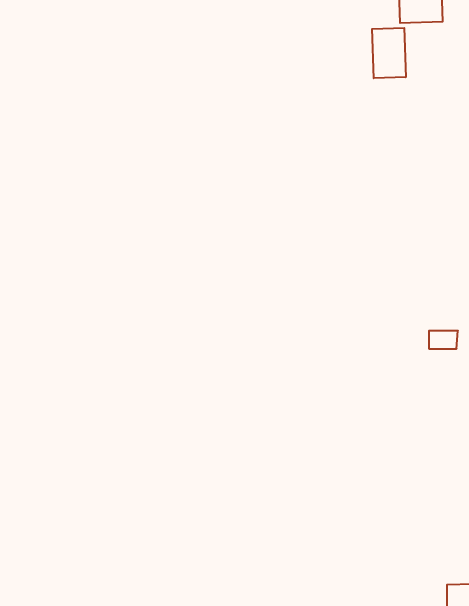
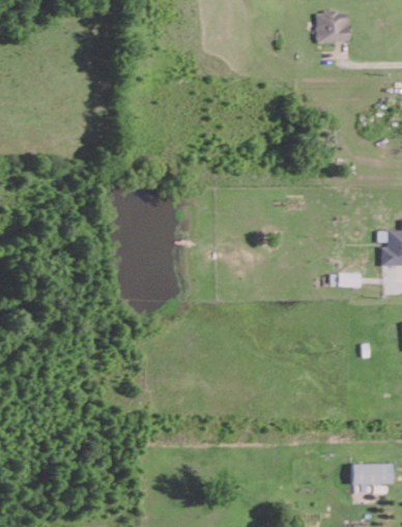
building: [372,28,406,78] -> none

